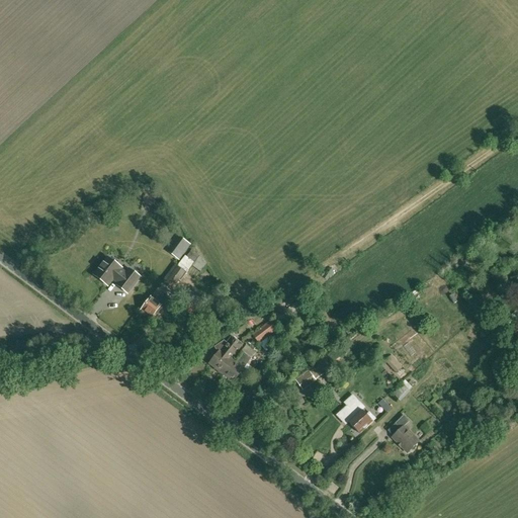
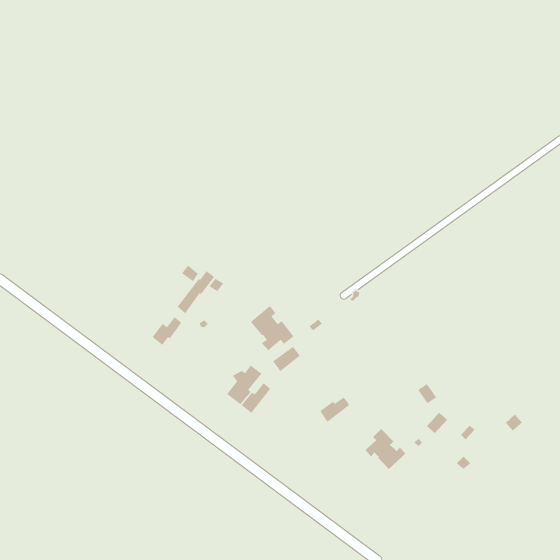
building: [95,259,137,290] -> none
building: none -> [250,305,294,351]
building: [392,415,418,452] -> none

